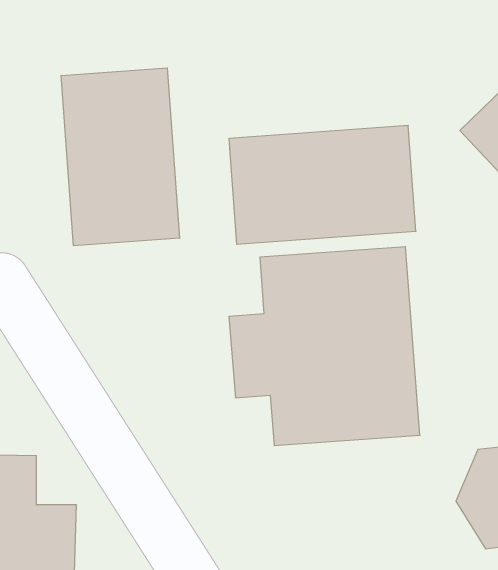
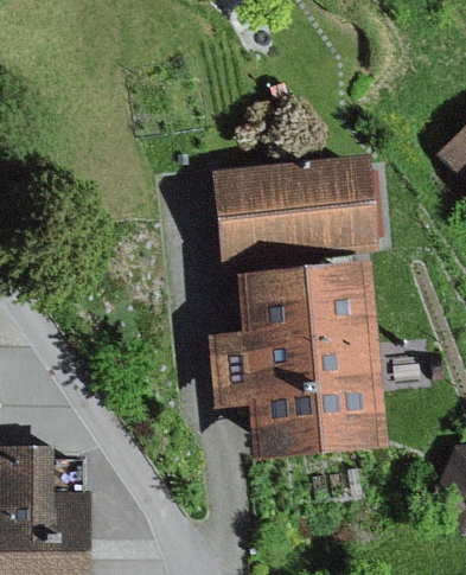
building: [61,68,179,246] -> none

